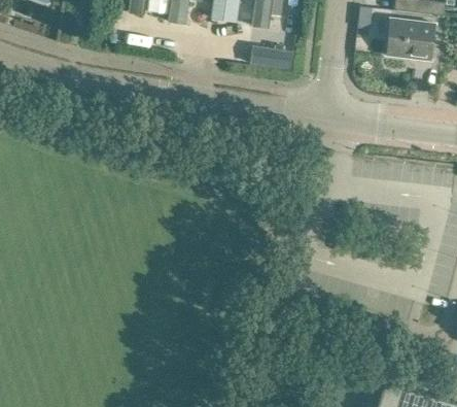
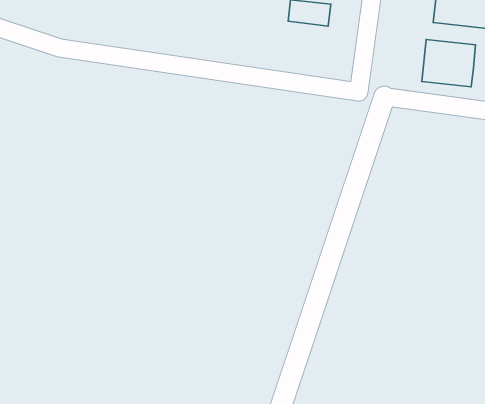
building: none -> [422,39,476,87]

